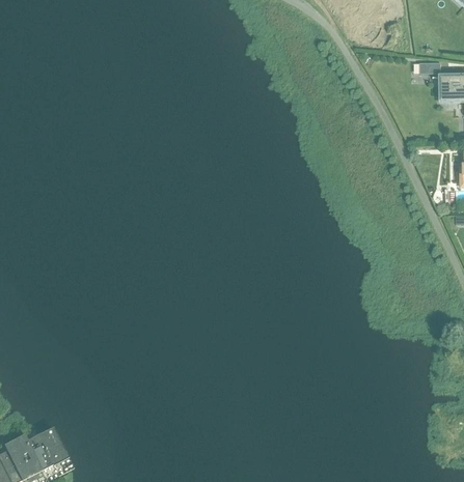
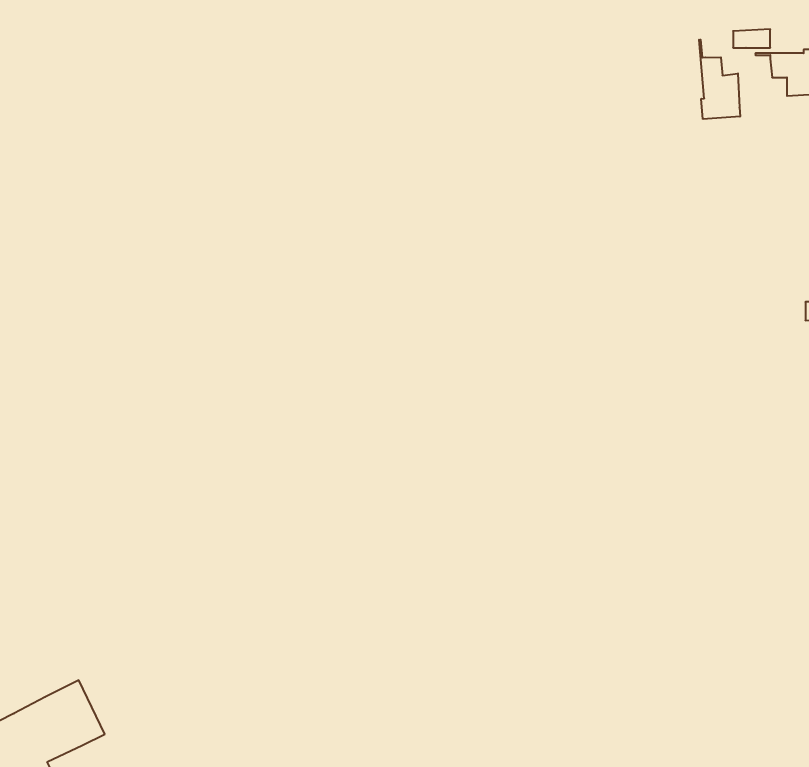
building: none -> [699,40,740,119]

